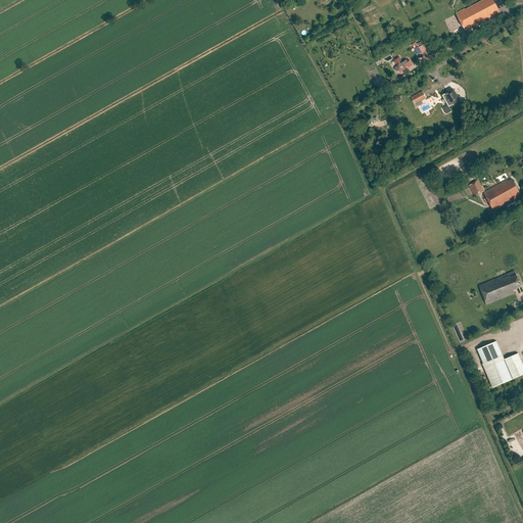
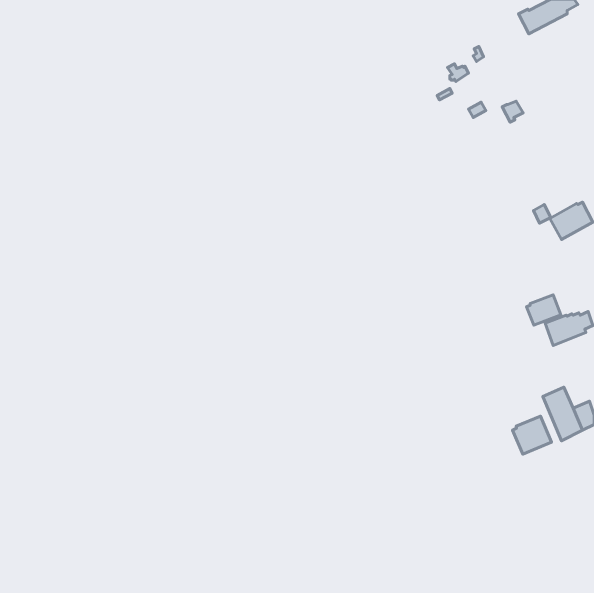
building: none -> [526,295,561,325]
building: none -> [512,416,551,454]

